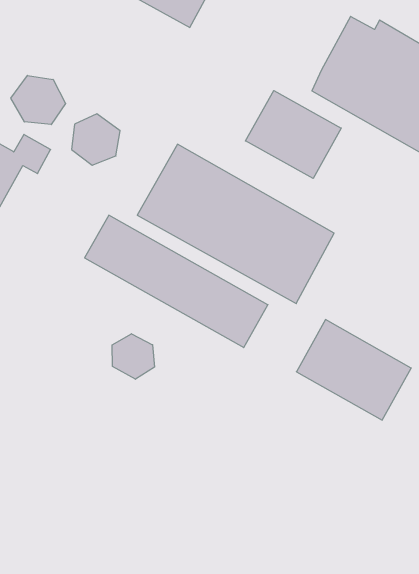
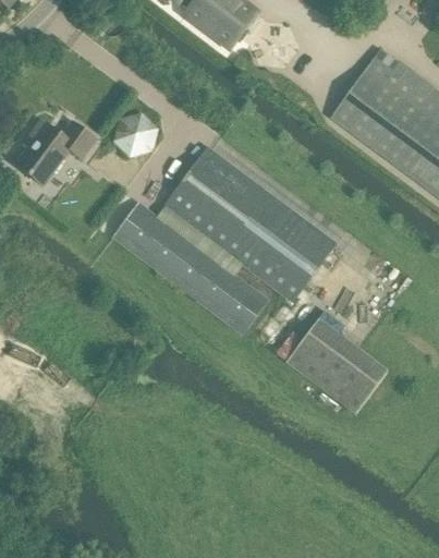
building: [11,75,66,125] -> none
building: [245,91,341,178] -> none
building: [112,334,154,379] -> none

